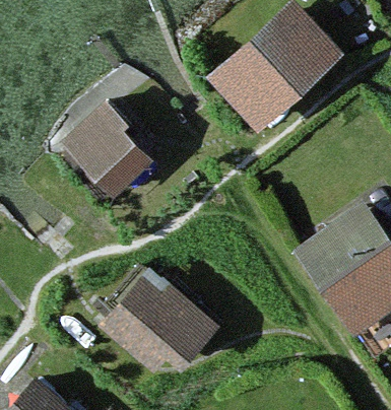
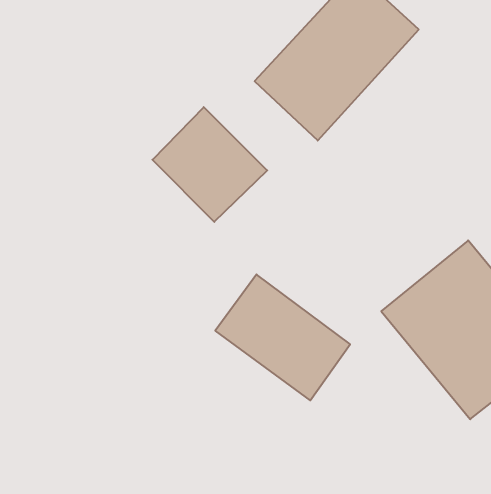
building: [66,111,148,194] -> [152,107,267,222]
building: [119,272,215,365] -> [215,274,350,400]

